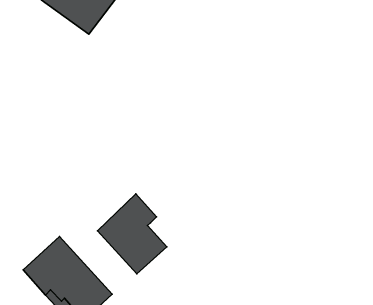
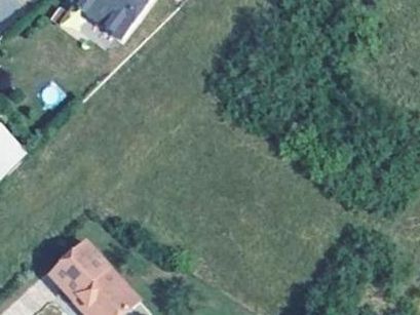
building: [97,194,167,274] -> none

